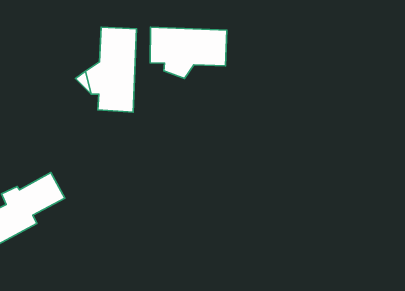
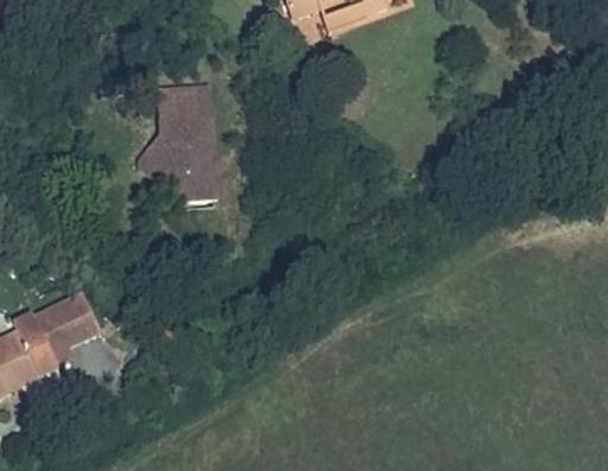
building: [150,27,227,78] -> none

